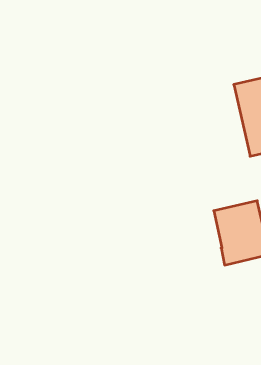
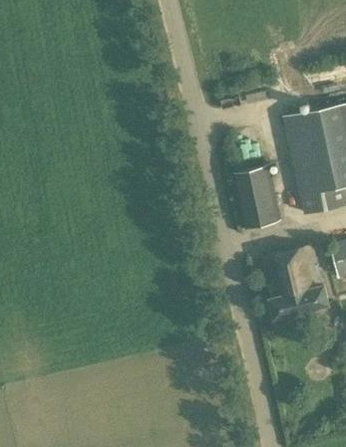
building: none -> [234,165,286,228]

